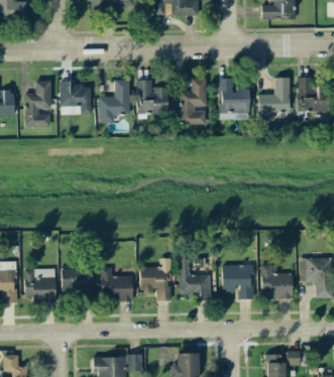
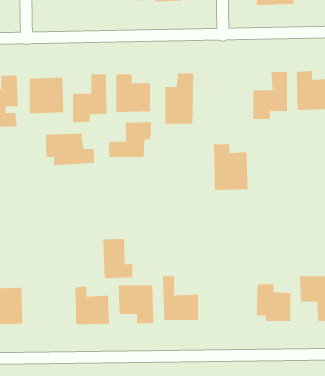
building: [219,79,250,120] -> [213,144,248,191]
building: none -> [108,121,151,158]
building: none -> [45,133,95,166]
building: none -> [103,238,133,279]
building: [222,264,254,299] -> none
building: [62,267,93,295] -> none

